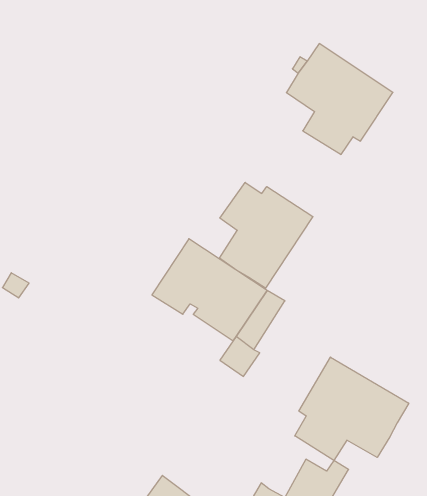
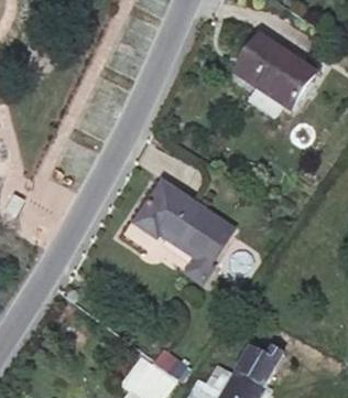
building: [220,182,313,288] -> none
building: [295,357,409,461] -> none

